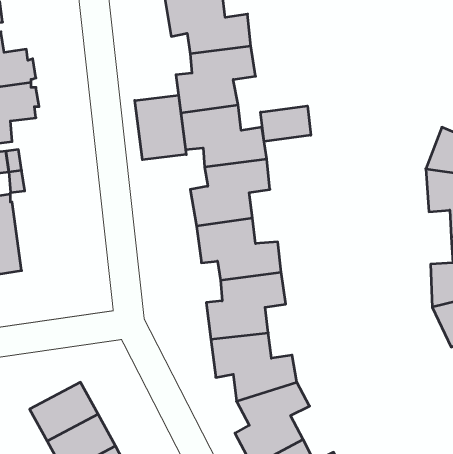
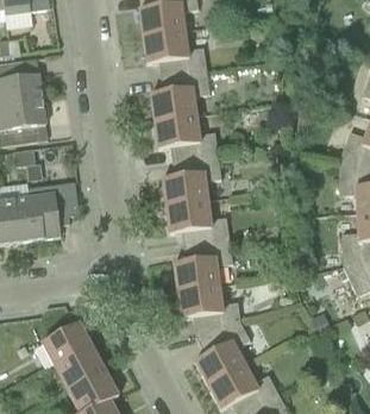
building: [135,95,186,160] -> none
building: [261,106,311,141] -> none
building: none -> [29,182,80,239]

